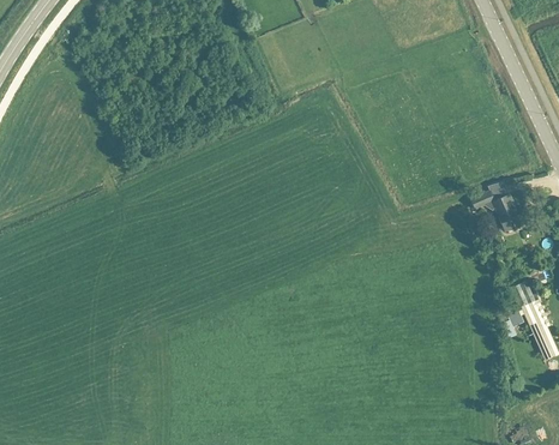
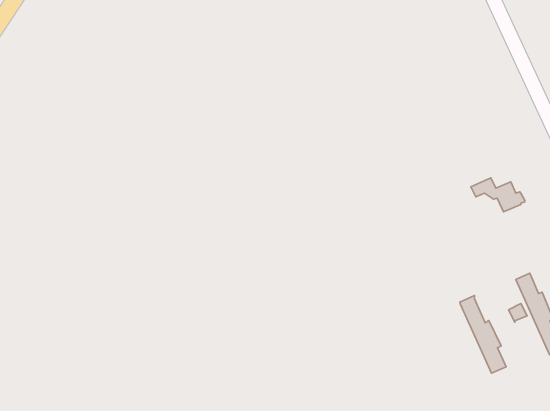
building: none -> [460,296,506,373]

